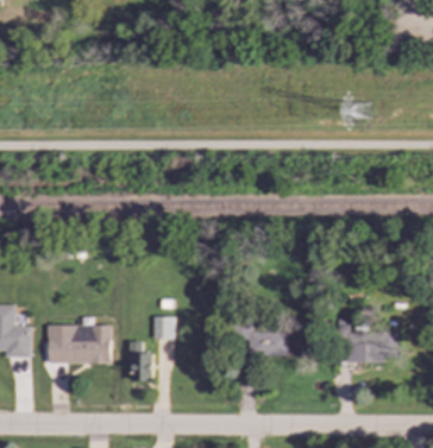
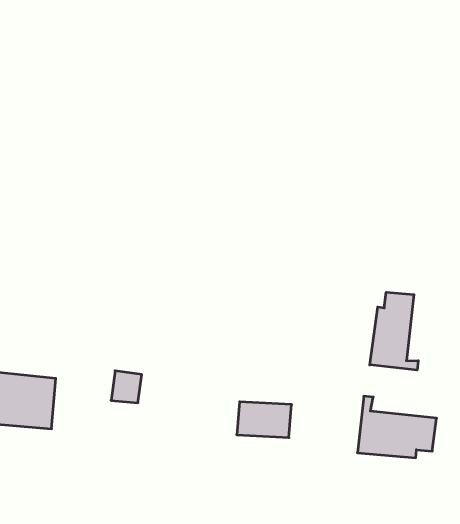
building: none -> [370,292,418,370]
building: [131,341,152,381] -> none

